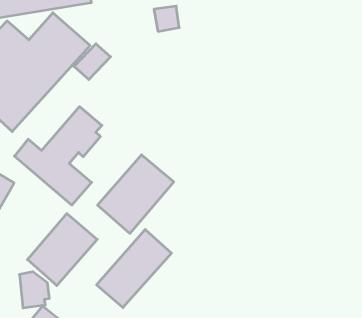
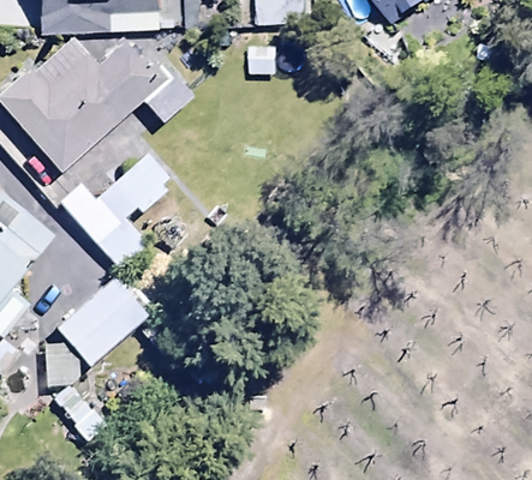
building: [98,155,174,233] -> none
building: [97,229,171,308] -> none

